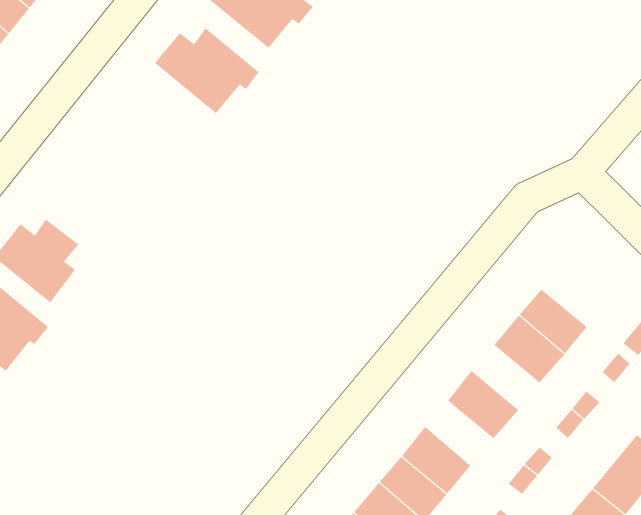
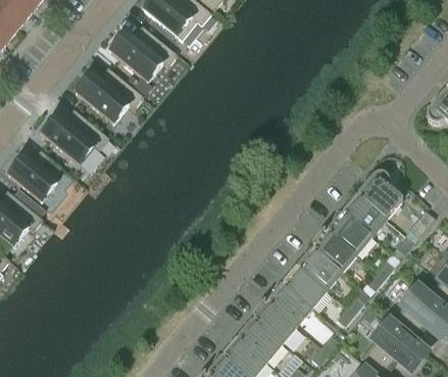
building: none -> [74,67,142,123]
building: none -> [35,110,105,166]
building: none -> [357,172,403,219]
building: none -> [312,230,356,272]
building: none -> [283,266,327,308]

